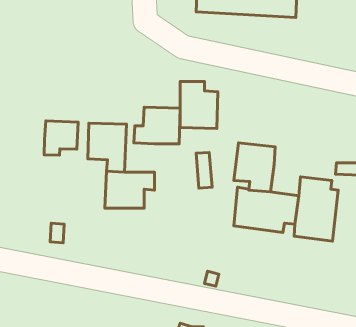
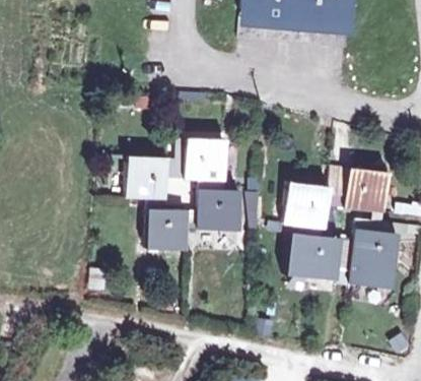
building: [180,81,218,129] -> [201,182,241,233]
building: [44,121,78,155] -> none
building: none -> [330,166,392,211]

